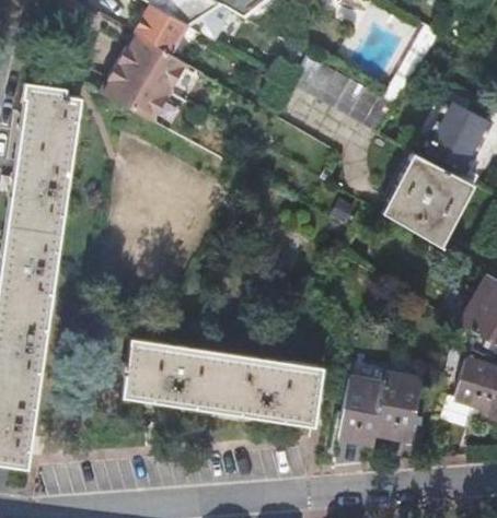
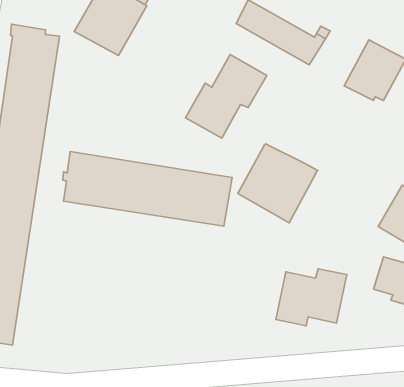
building: none -> [185,54,267,138]
building: [381,154,476,248] -> [238,144,318,223]
building: [123,338,324,426] -> [63,152,232,226]

